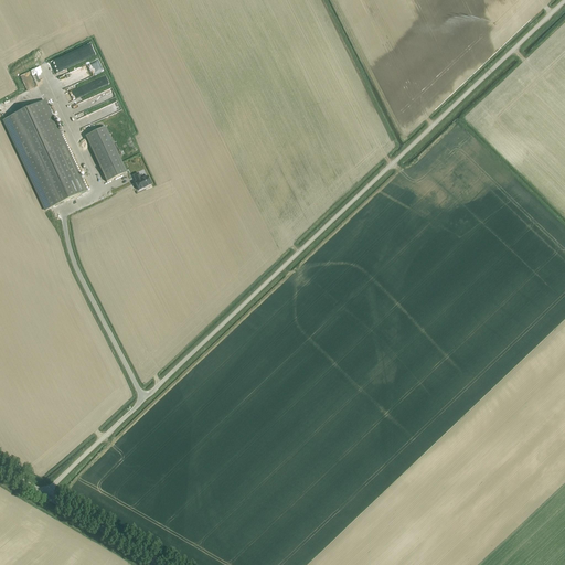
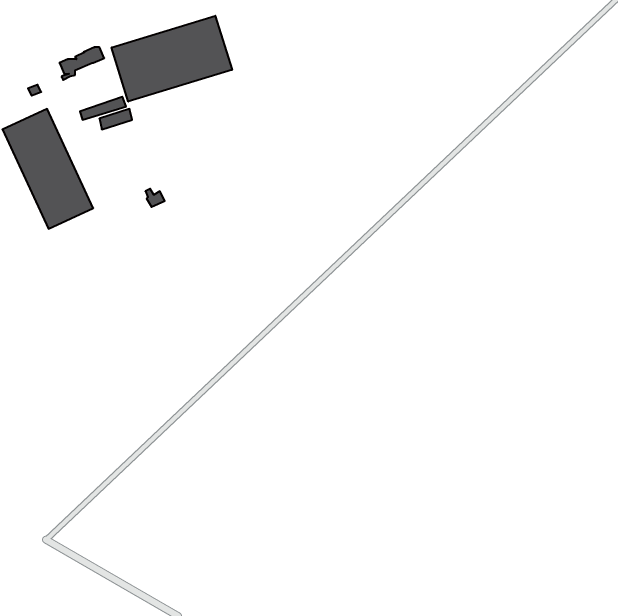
building: none -> [112,16,232,102]
building: [84,126,126,180] -> none

